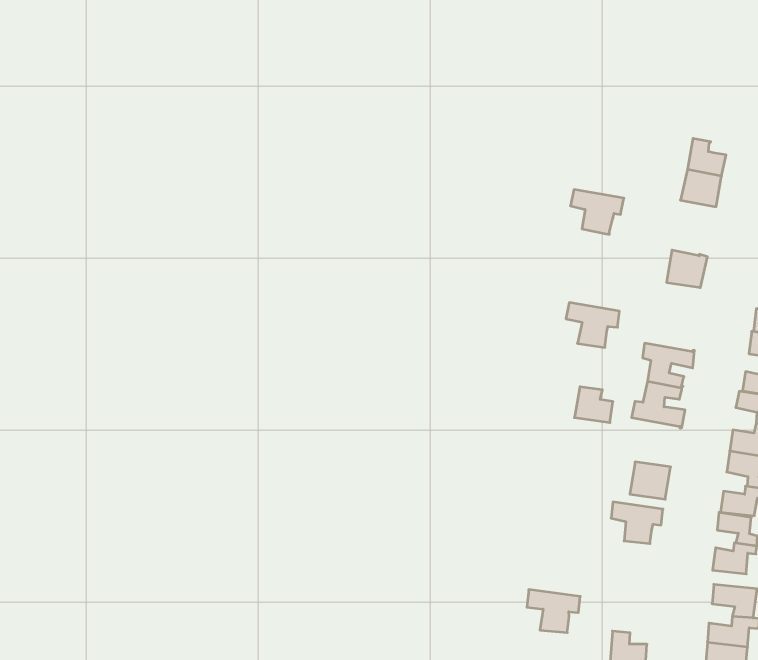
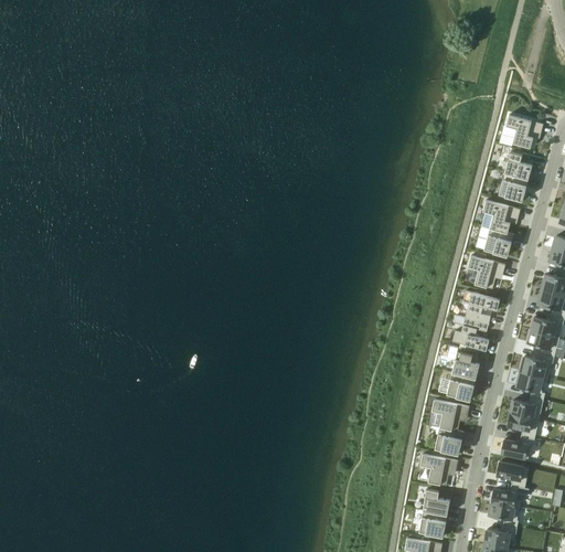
building: none -> [505,115,543,149]
building: [570,190,624,234] -> [482,201,520,234]
building: [566,303,619,347] -> [467,256,504,289]
building: [574,387,613,423] -> [451,352,479,379]
building: none -> [434,427,463,455]
building: [527,590,580,633] -> [419,454,457,486]

